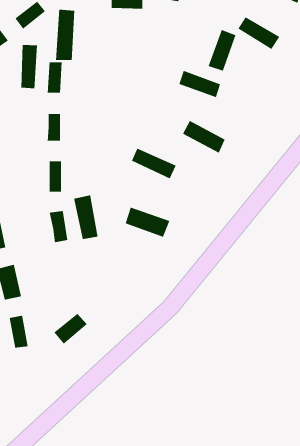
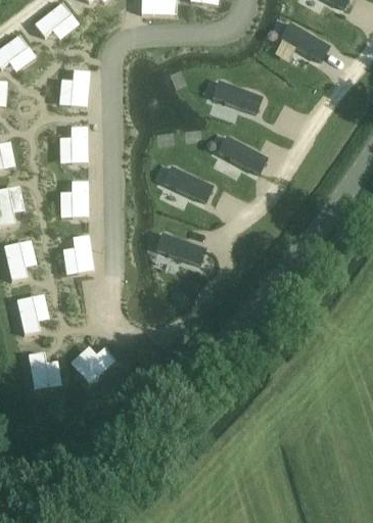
building: [56,9,75,61] -> none
building: [208,29,236,71] -> none
building: [21,44,37,89] -> none
building: [74,195,98,240] -> none

